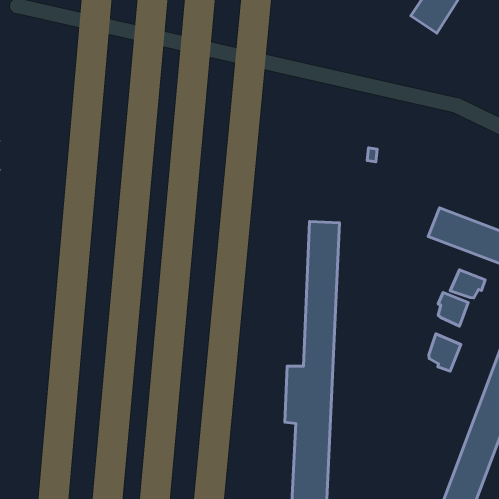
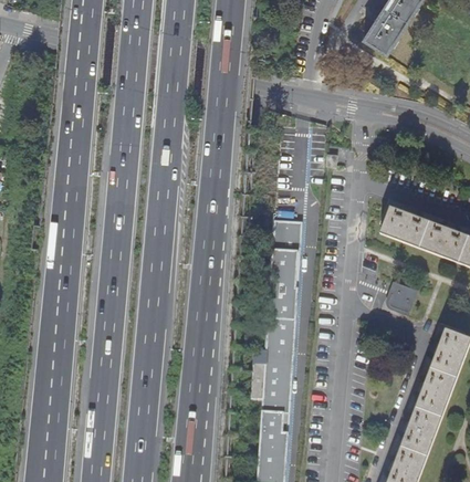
building: [450,270,485,298] -> none
building: [429,334,461,371] -> none

